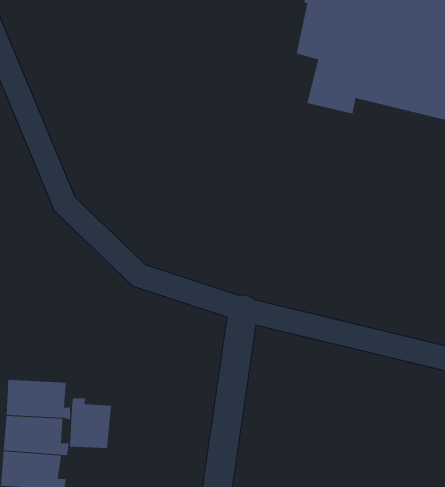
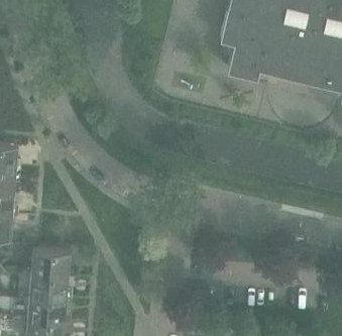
building: [70,397,111,449] -> none

